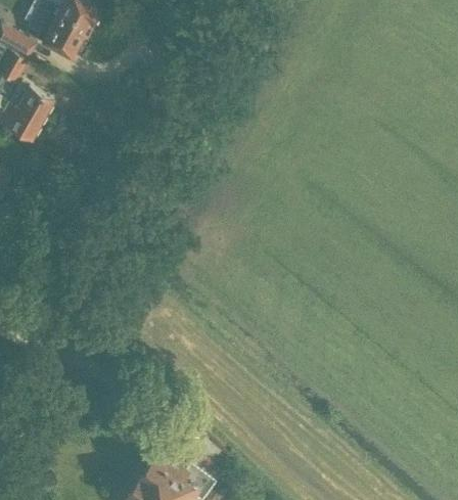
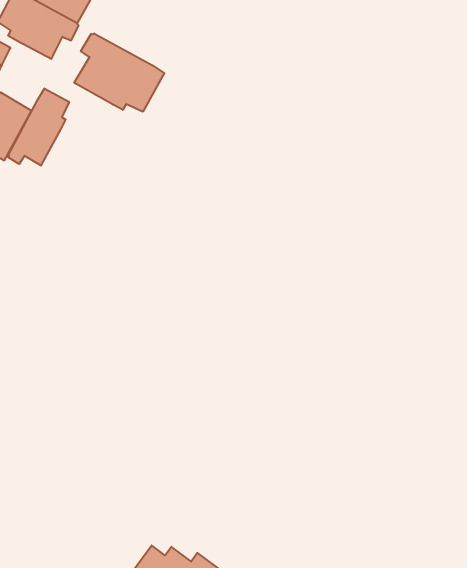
building: none -> [74,33,164,112]
building: none -> [8,88,69,166]

